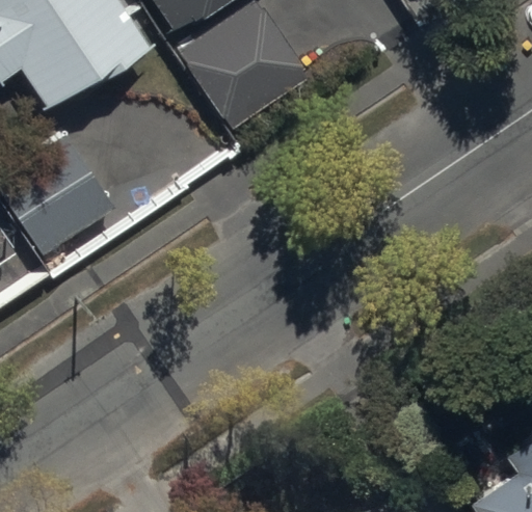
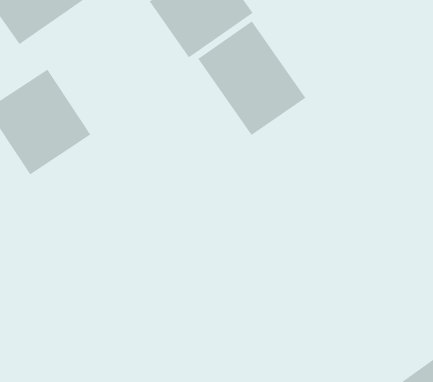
building: none -> [197,21,306,136]

